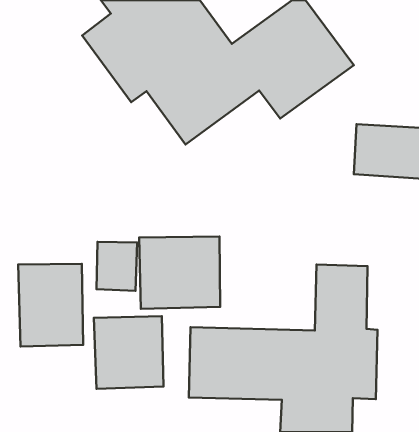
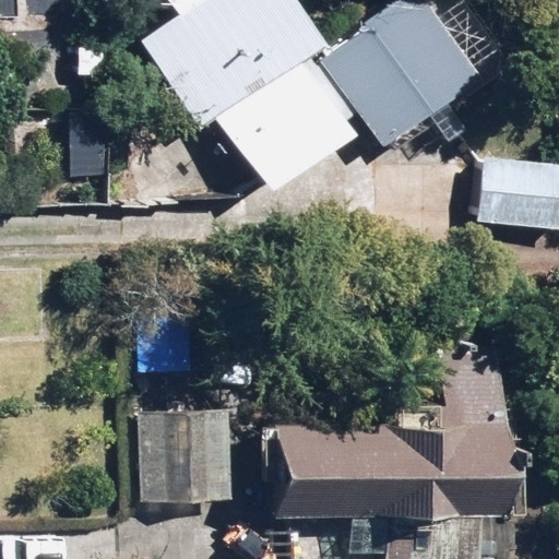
building: [139,236,220,309] -> none
building: [18,264,83,346] -> none

